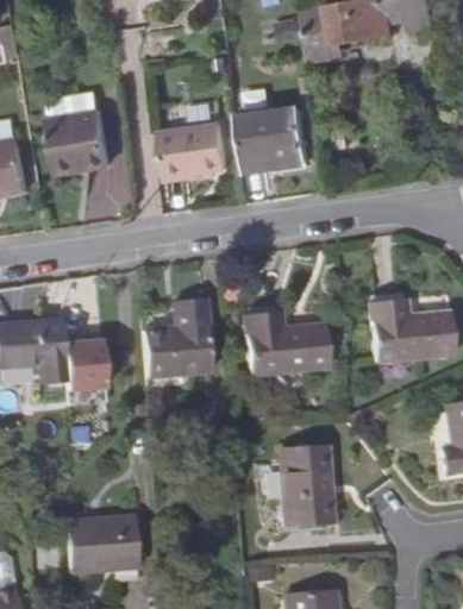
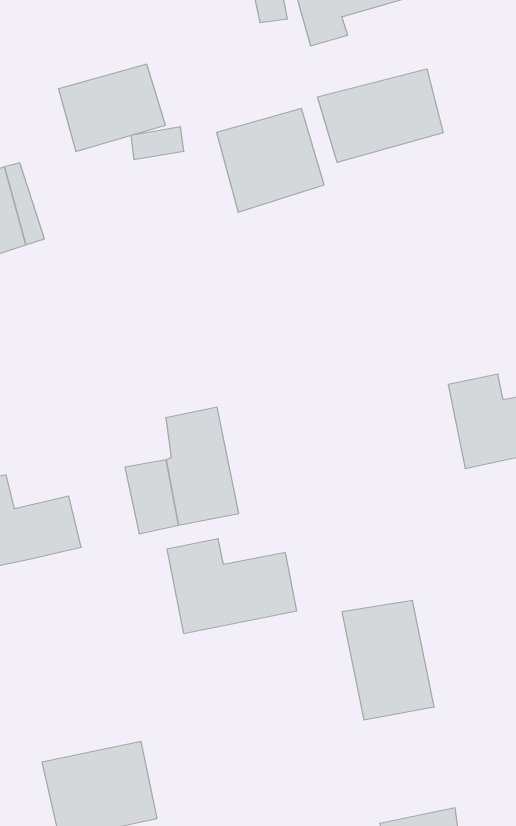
building: none -> [317,69,443,163]
building: [156,127,225,180] -> [58,64,166,151]
building: [244,309,326,370] -> [167,539,297,633]

